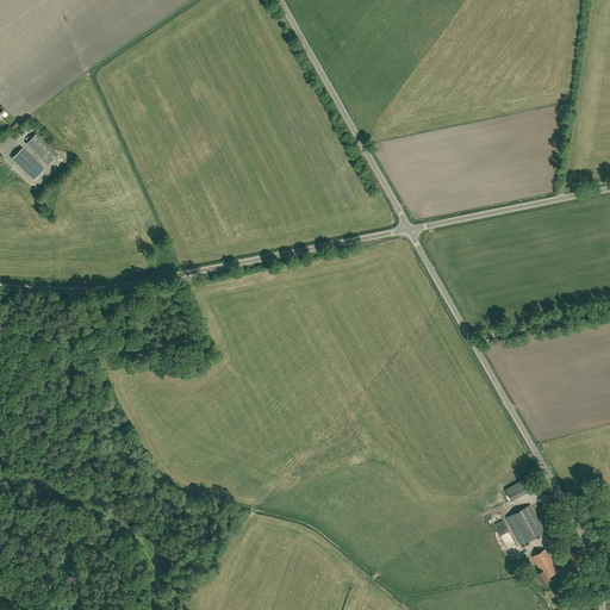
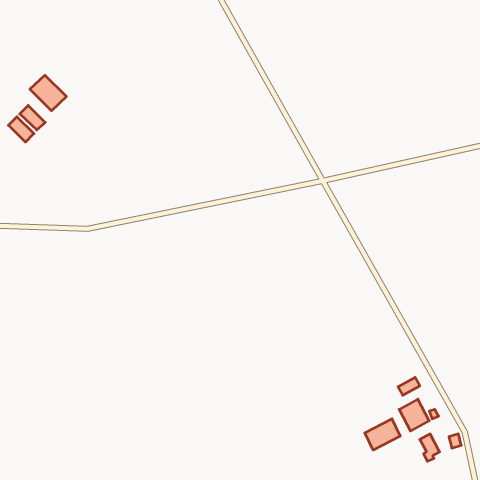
building: none -> [30,75,66,111]
building: none -> [365,419,400,450]

